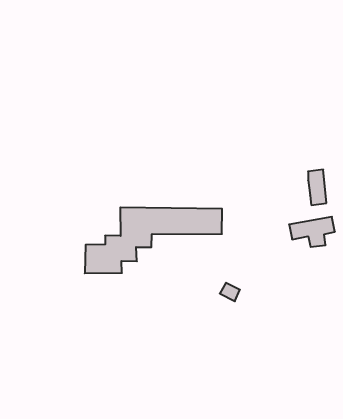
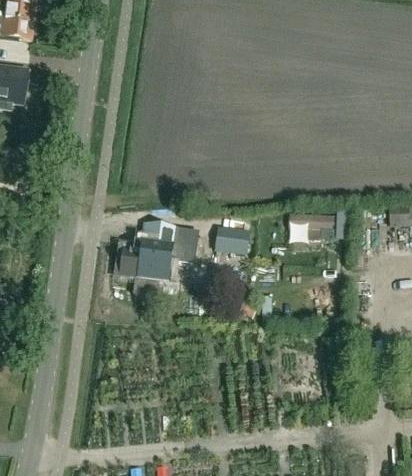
building: [289,217,335,247] -> [287,217,328,242]

